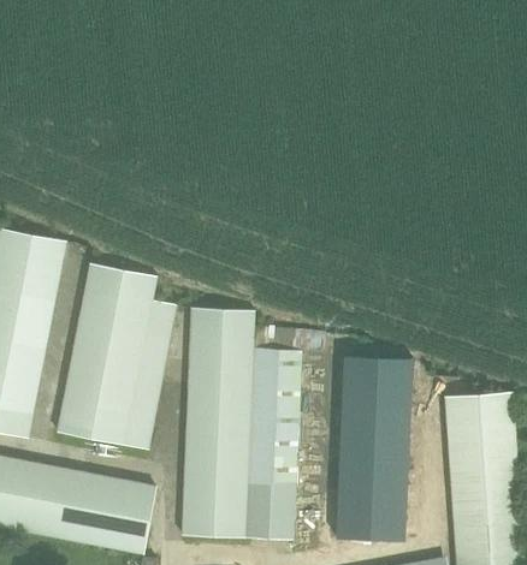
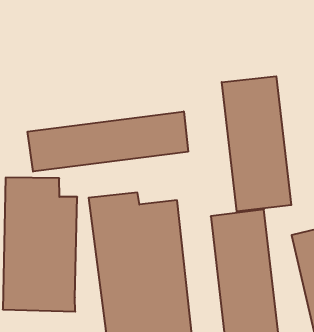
building: none -> [222,76,291,212]
building: none -> [28,111,188,172]

